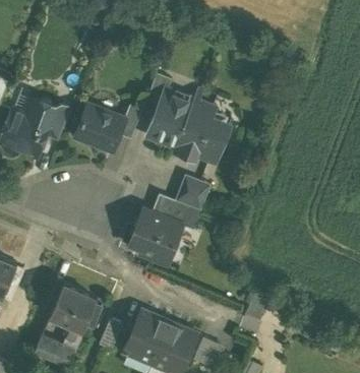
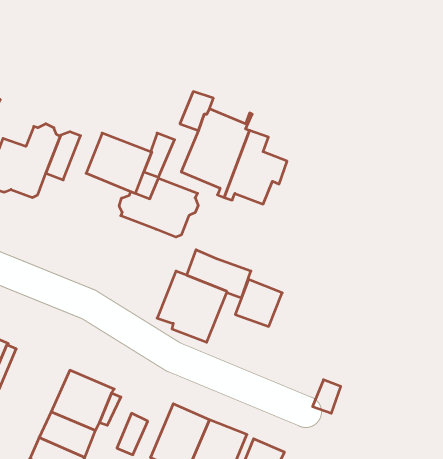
building: none -> [119,178,198,237]
building: [175,175,211,210] -> [235,279,282,326]

